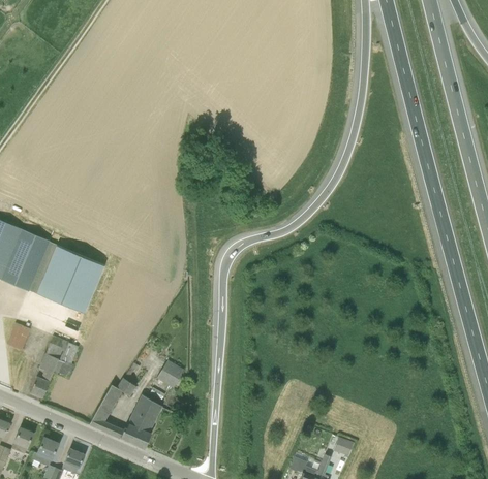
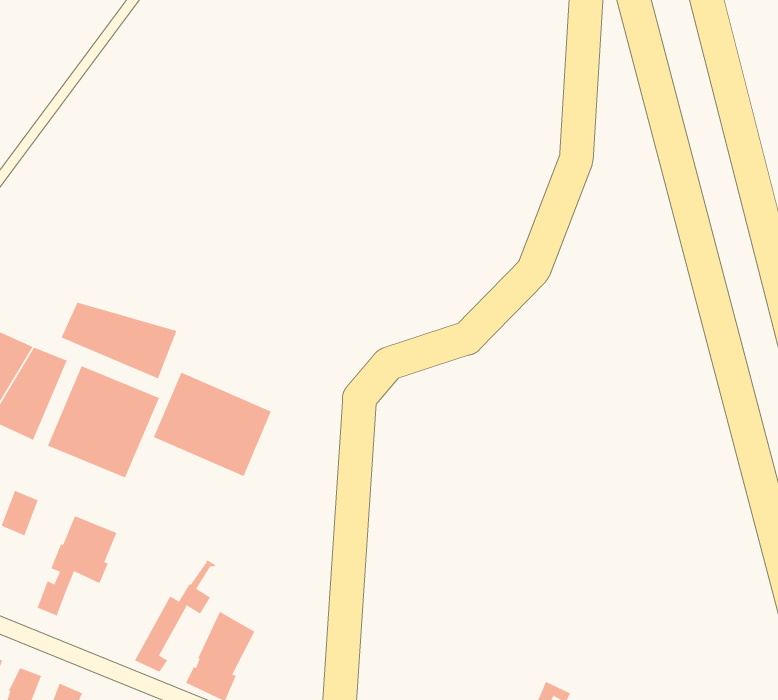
building: none -> [61,302,177,379]
building: none -> [153,372,272,477]
building: [156,359,184,388] -> none

